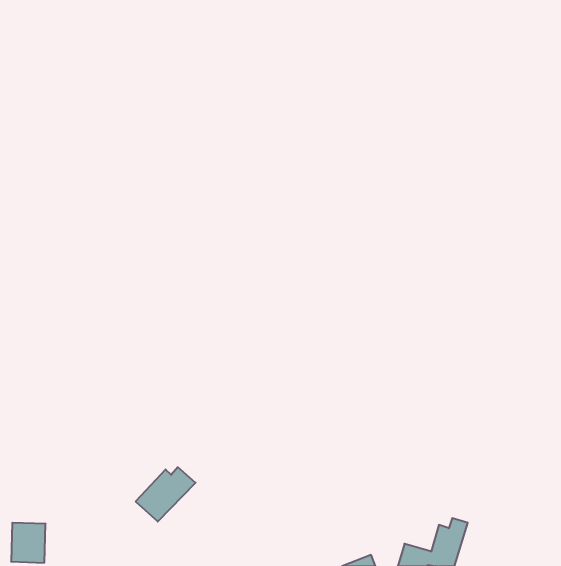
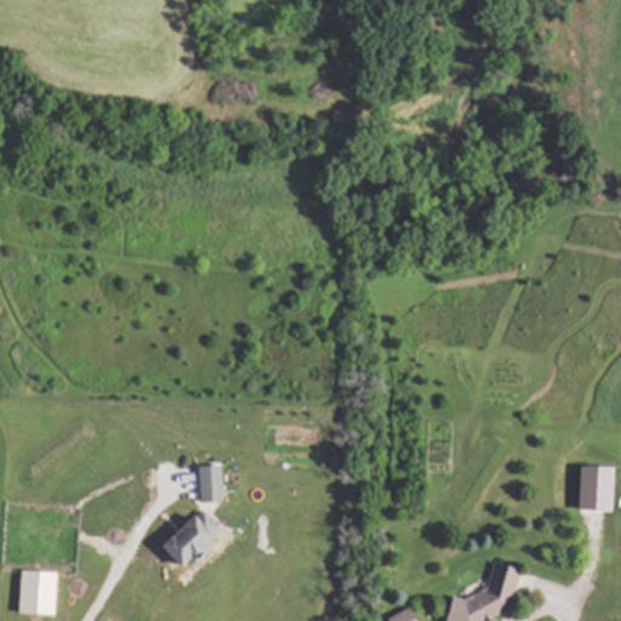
building: none -> [199,465,228,502]
building: none -> [577,467,611,511]

